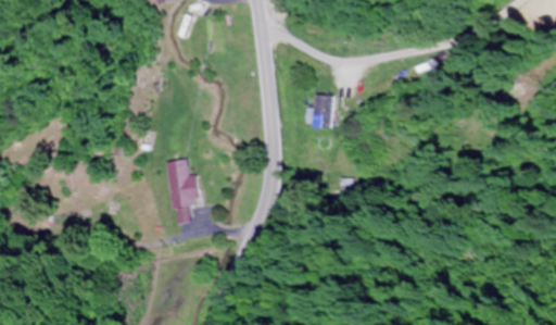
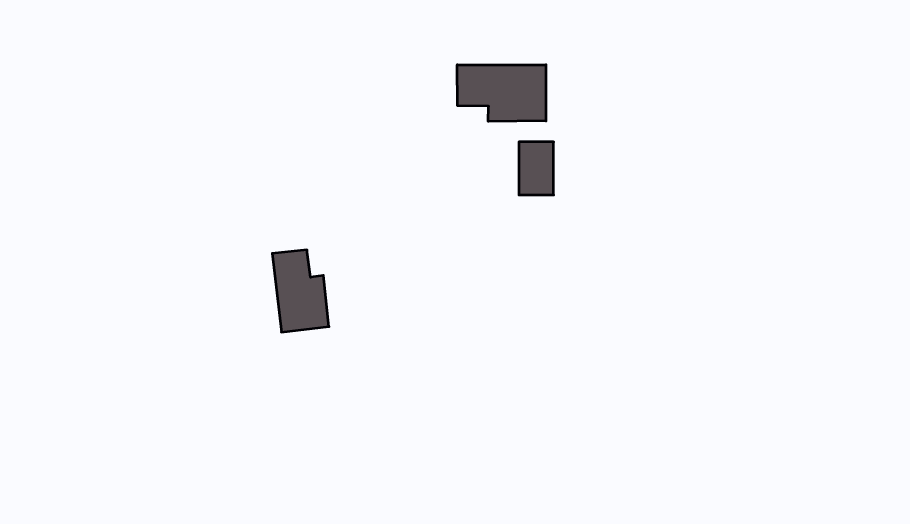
building: none -> [457,65,546,121]

